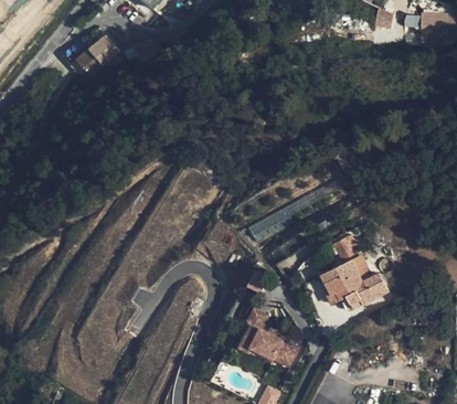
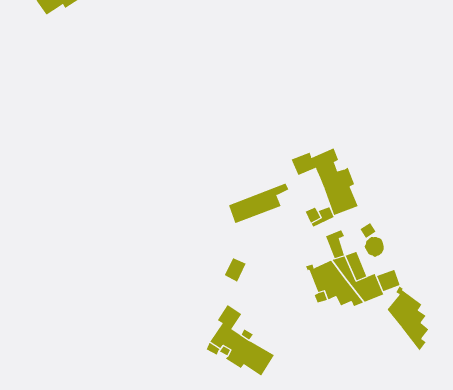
building: none -> [291,148,359,216]
building: none -> [387,285,429,351]

